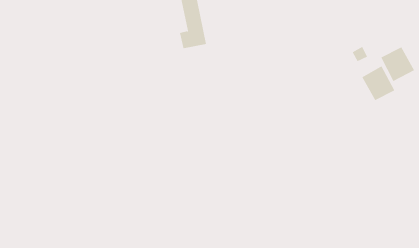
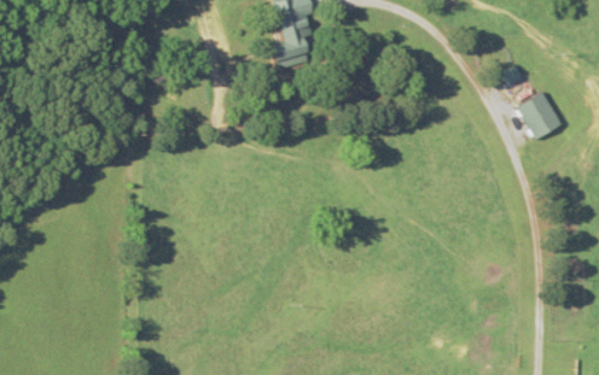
building: [380,46,415,82] -> none

